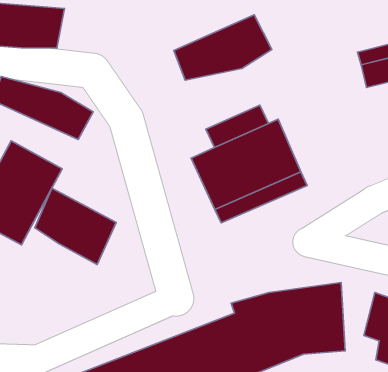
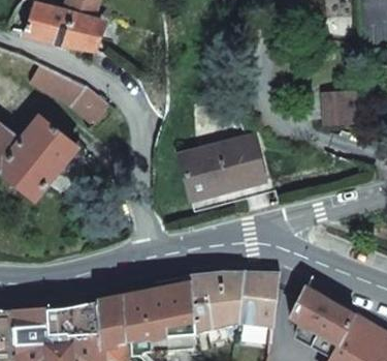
building: [174,15,272,80] -> none
building: [35,188,116,264] -> none

